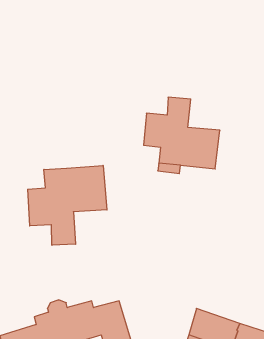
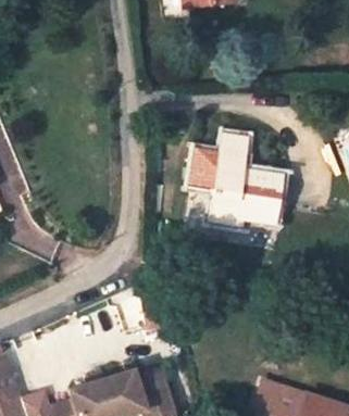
building: [28,165,107,245] -> none

